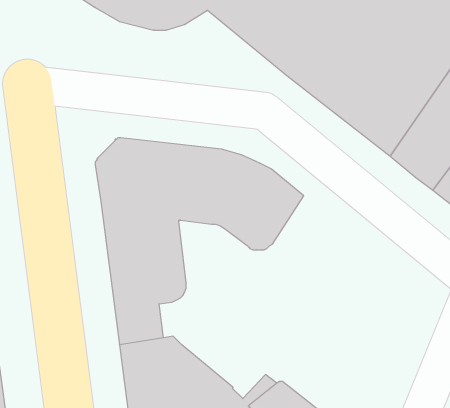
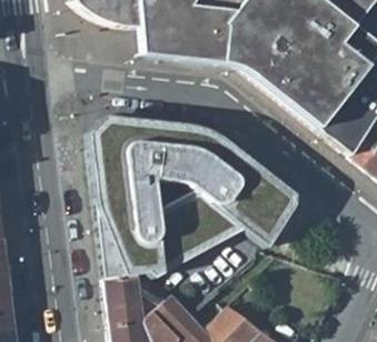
building: none -> [141,17,236,68]
building: none -> [136,162,291,279]

